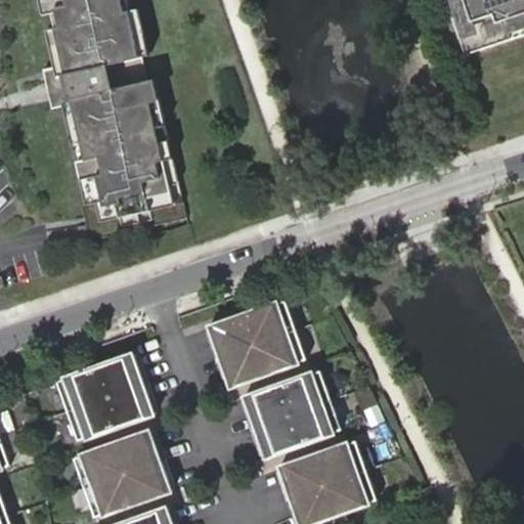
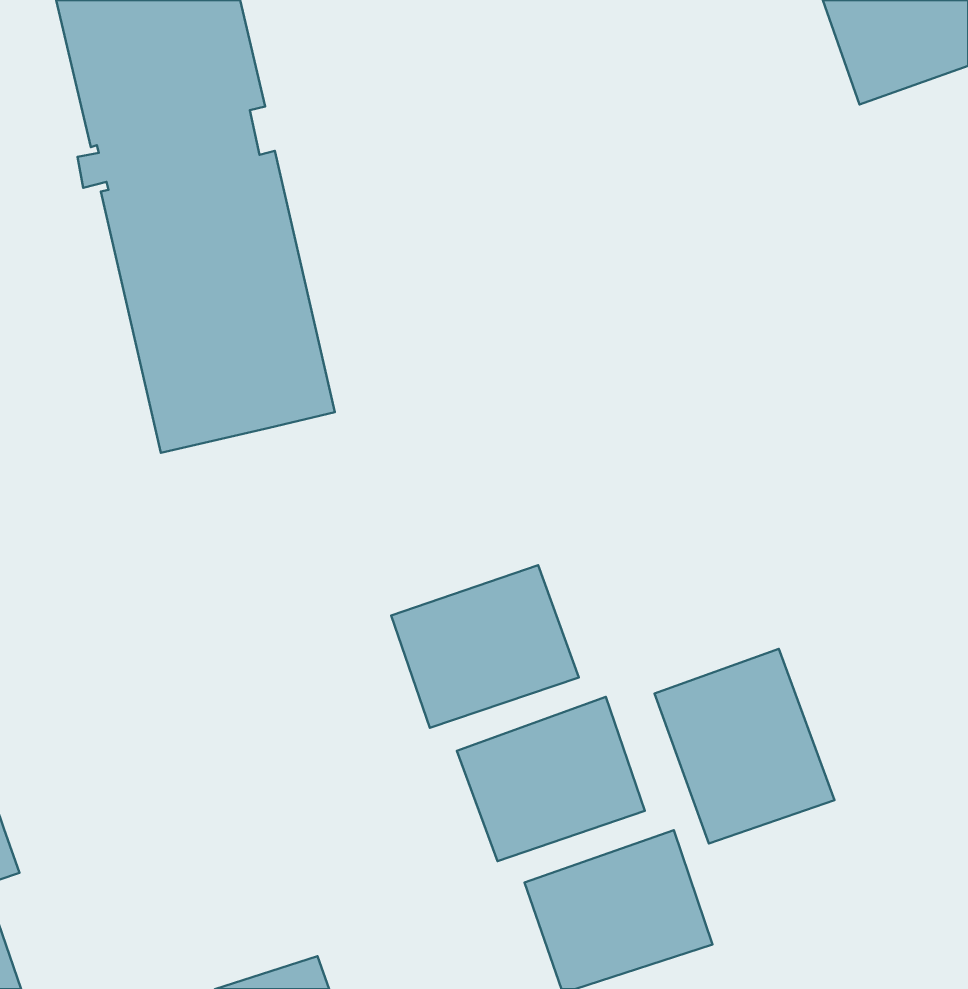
building: none -> [654,649,835,843]
building: [57,351,157,438] -> none
building: [74,428,173,515] -> none

